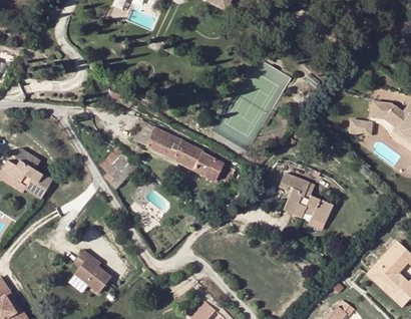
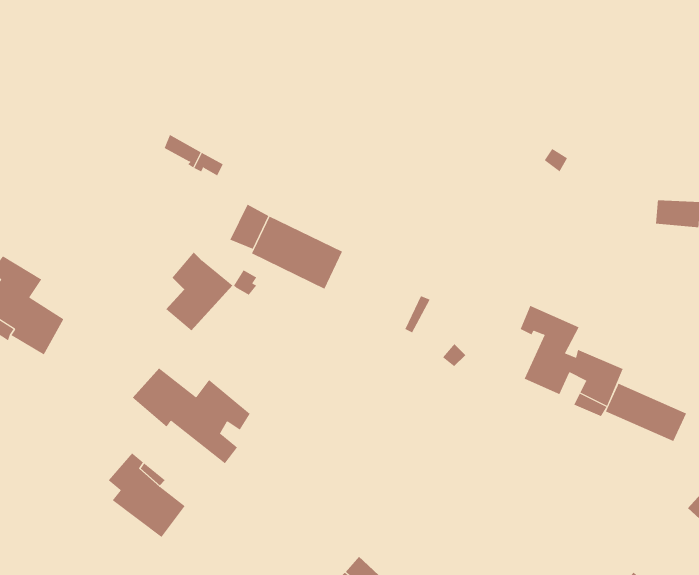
building: [182,146,223,182] -> none
building: none -> [132,367,251,464]
building: none -> [605,383,687,442]

